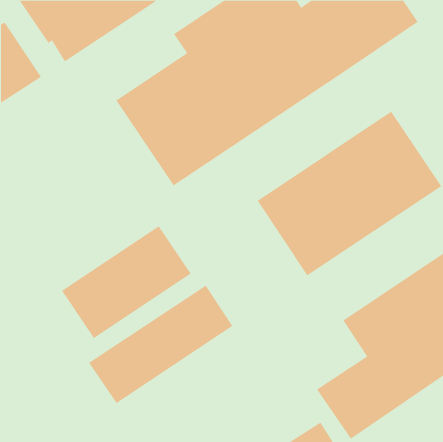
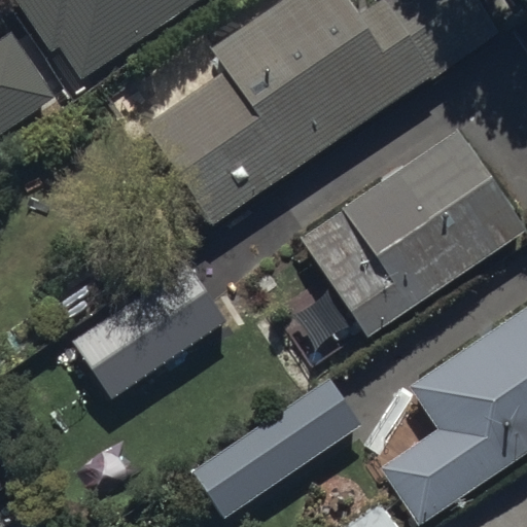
building: [88,285,233,404] -> [190,377,361,517]

